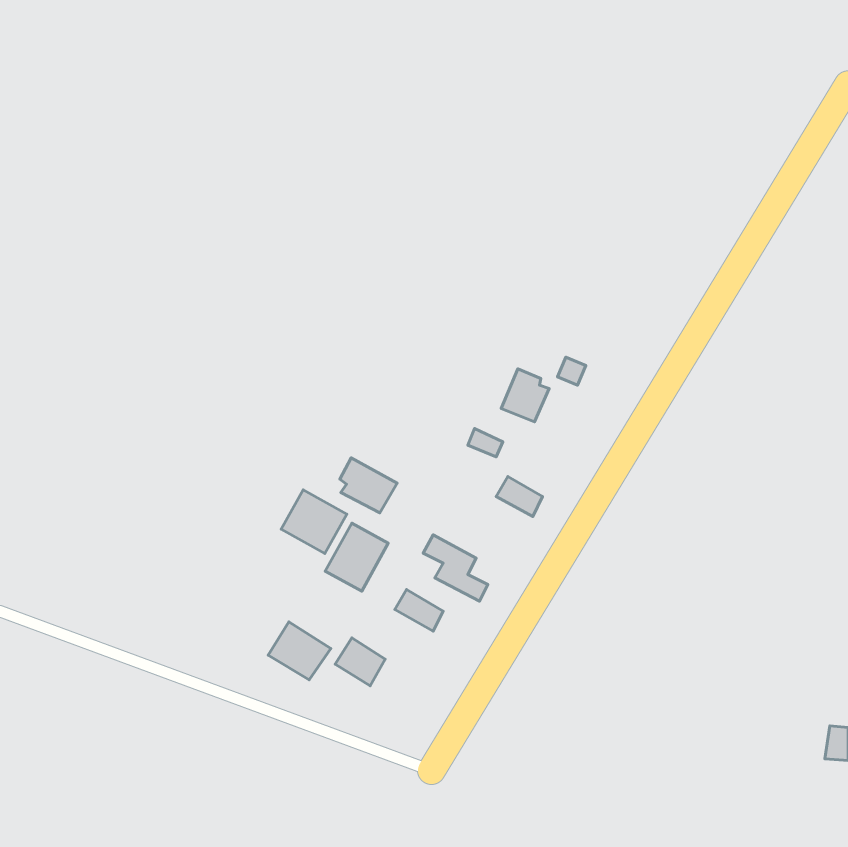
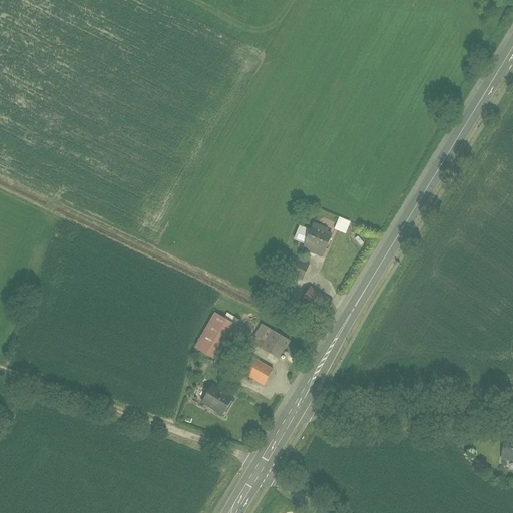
building: [340,458,397,513] -> none
building: [281,490,347,554] -> none
building: [268,622,331,680] -> none

